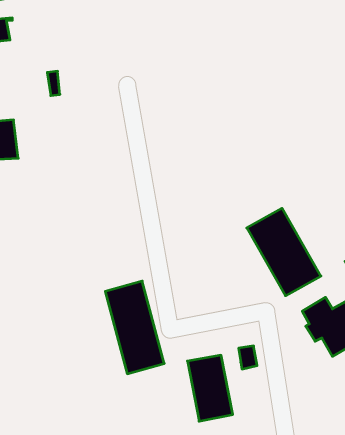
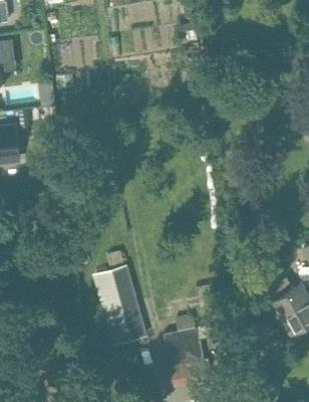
building: [247,208,321,296] -> none

